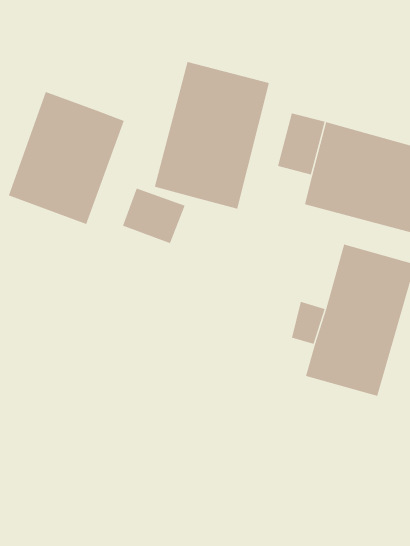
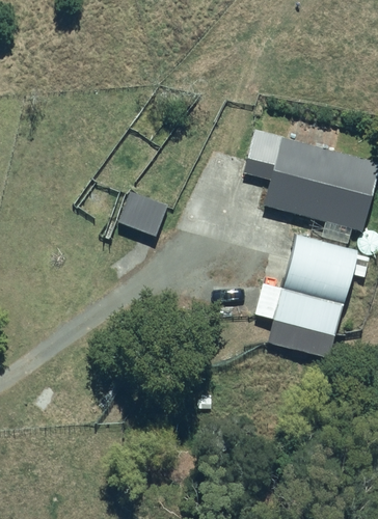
building: [154,61,269,209] -> none
building: [8,91,125,225] -> none

